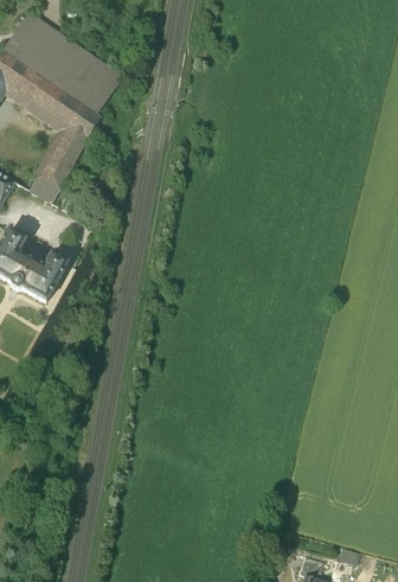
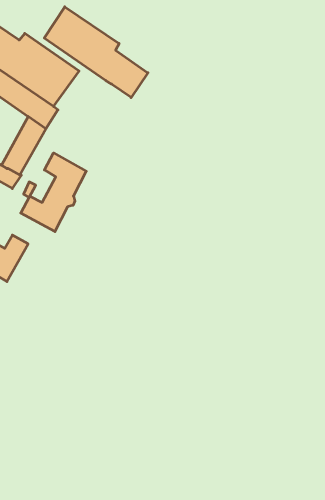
building: none -> [44,7,148,98]
building: none -> [21,153,86,232]

